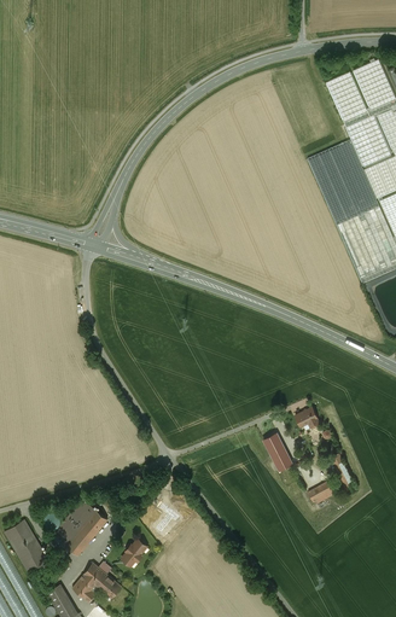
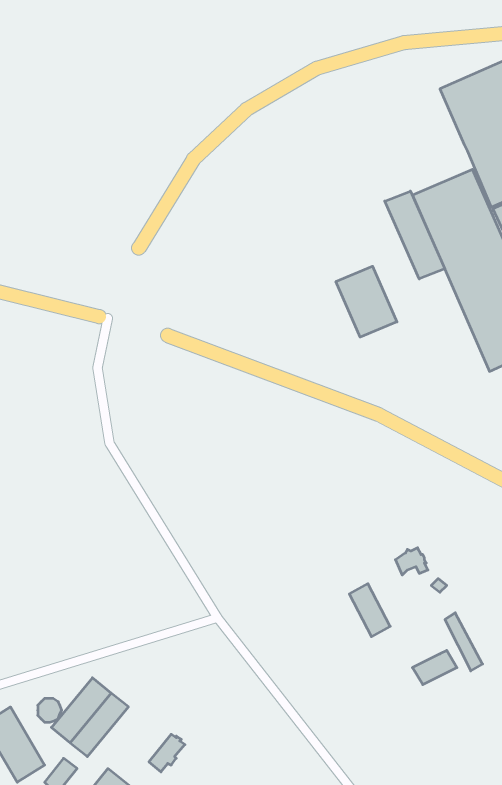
building: none -> [385,191,445,279]
building: none -> [336,266,397,337]

